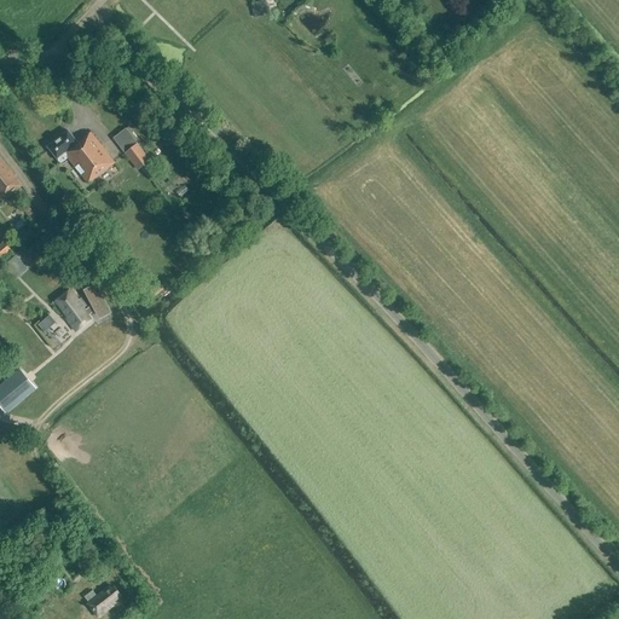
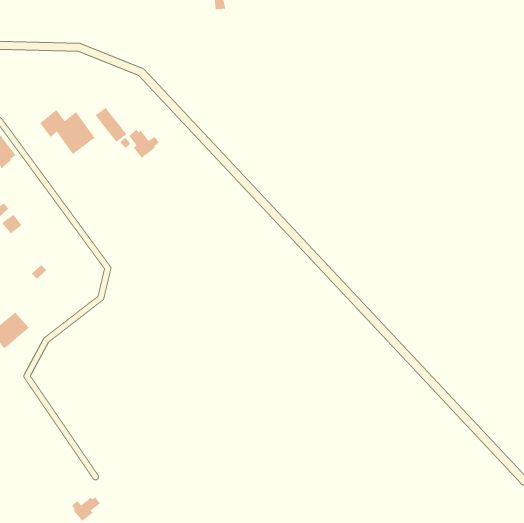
building: none -> [128,129,160,159]
building: [52,282,110,331] -> none

